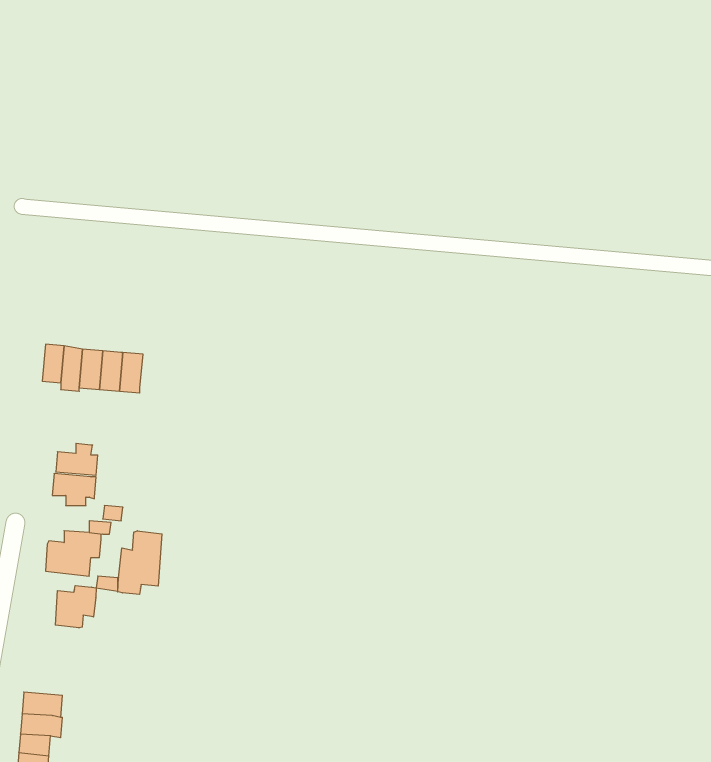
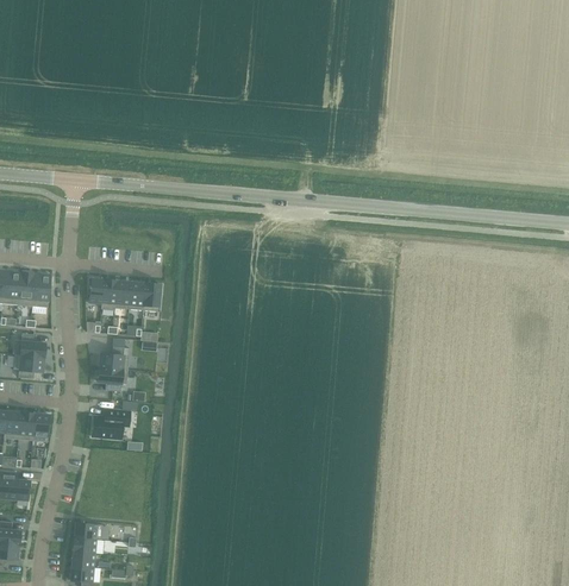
building: [118,531,162,594] -> none
building: [55,586,96,628] -> none

